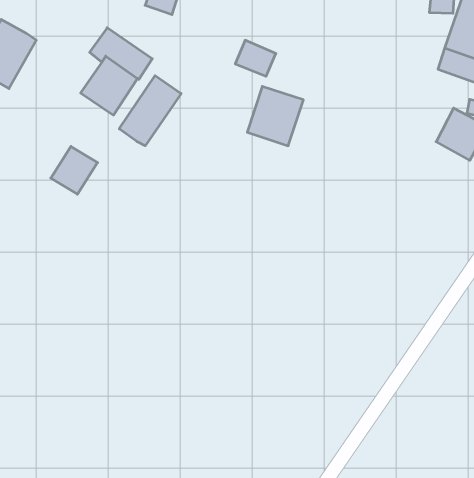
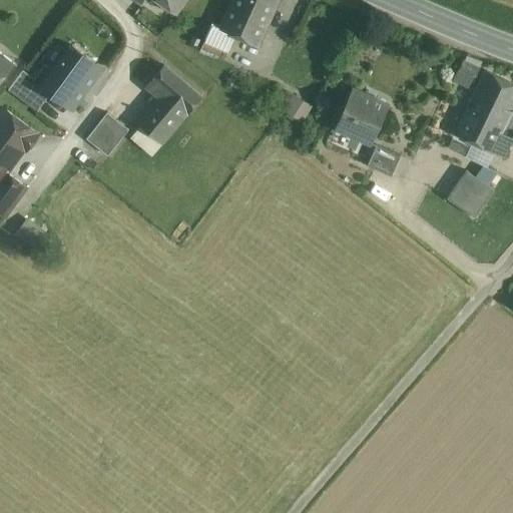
building: [119,76,181,146] -> none
building: [247,86,303,146] -> [336,90,389,145]
building: none -> [367,146,400,178]
building: [51,146,98,194] -> [86,111,129,154]

